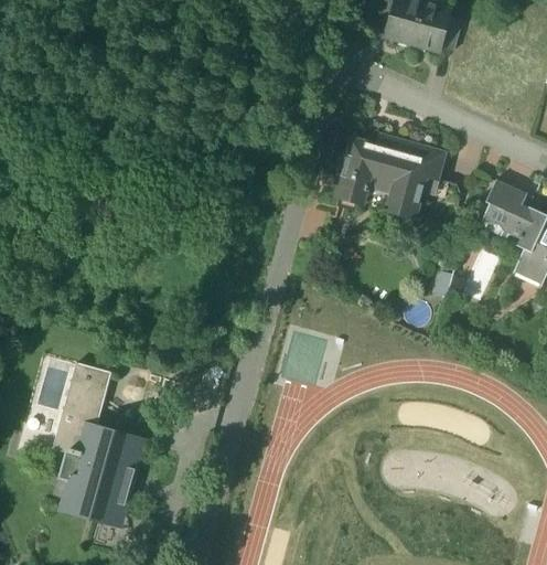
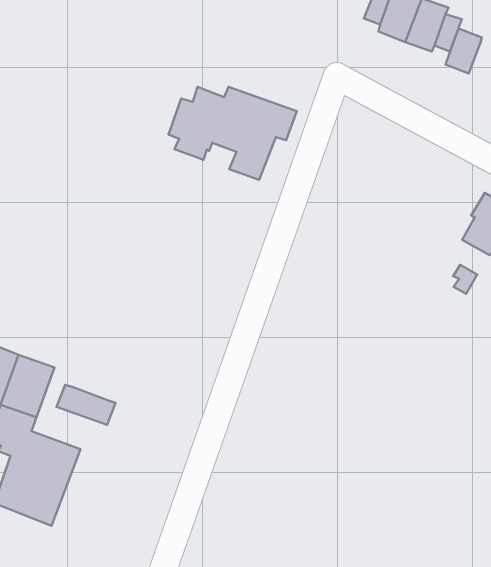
building: none -> [445,28,482,74]
building: [328,136,444,220] -> [169,87,297,180]
building: none -> [57,385,116,425]

